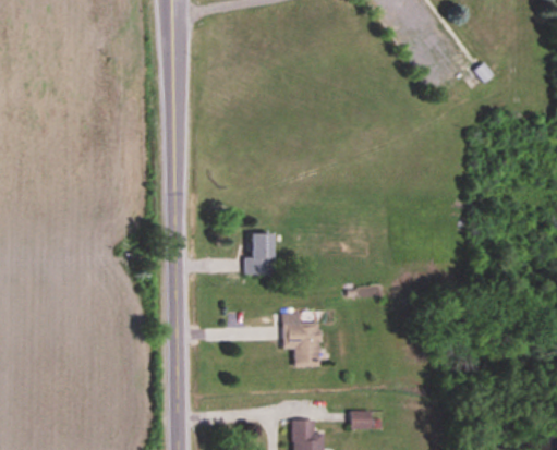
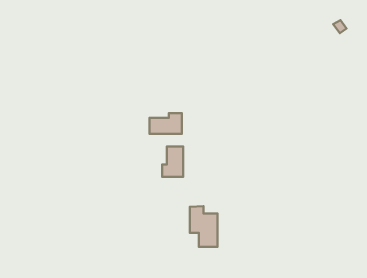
building: none -> [150,113,182,134]

